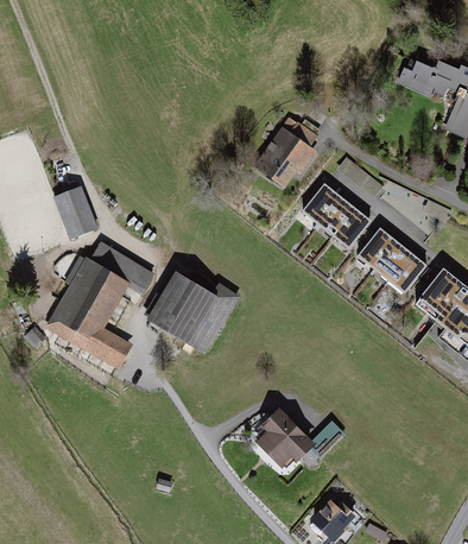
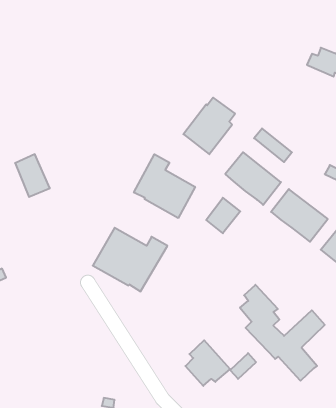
building: none -> [134,154,195,218]
building: none -> [206,198,240,233]
building: [43,243,152,368] -> none
building: none -> [240,285,325,381]

